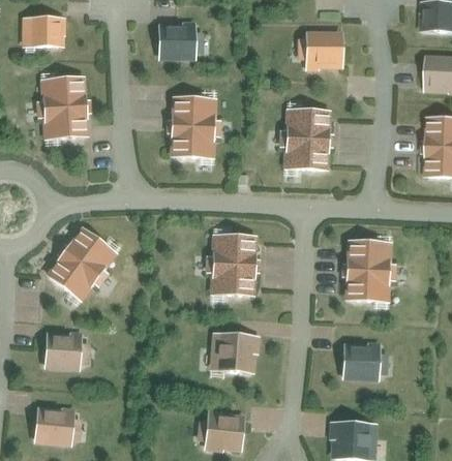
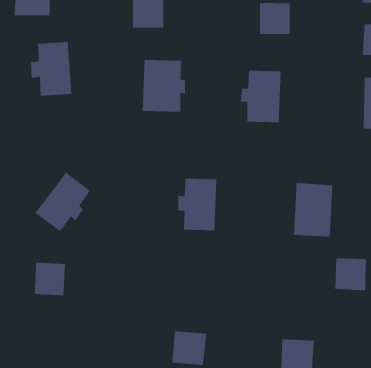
building: [217,333,257,372] -> none
building: [342,342,380,380] -> [335,258,367,291]
building: [35,405,74,445] -> none

